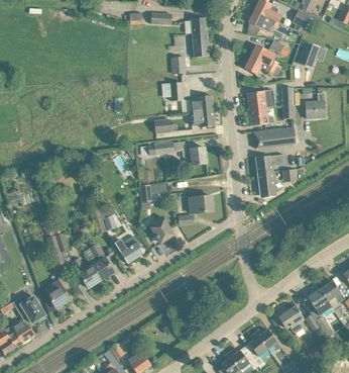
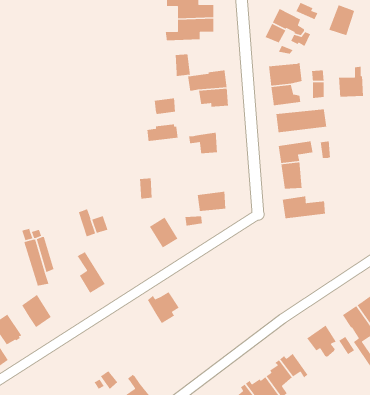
building: none -> [282,196,326,219]
building: [115,236,142,263] -> [147,291,180,324]
building: [73,258,101,288] -> none

